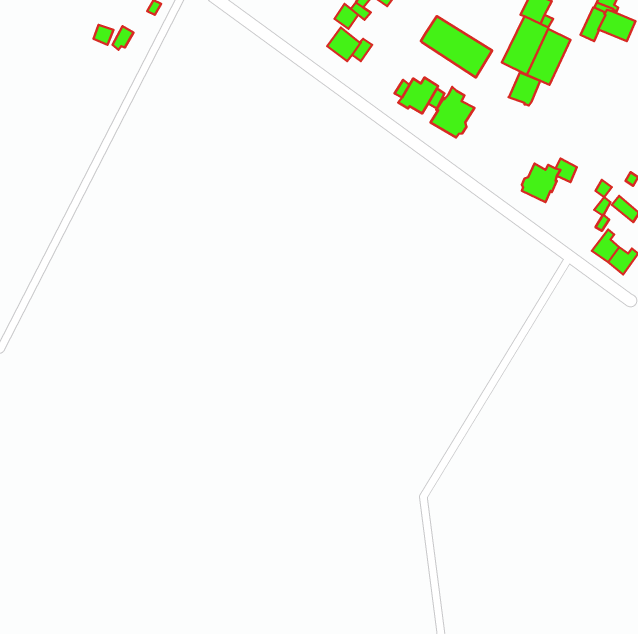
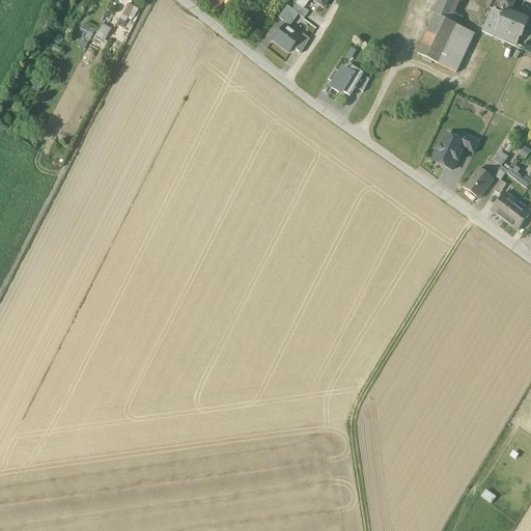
building: [421,16,492,78] -> none
building: [509,72,540,106] -> none
building: [431,87,474,138] -> none
building: none -> [465,167,494,196]

